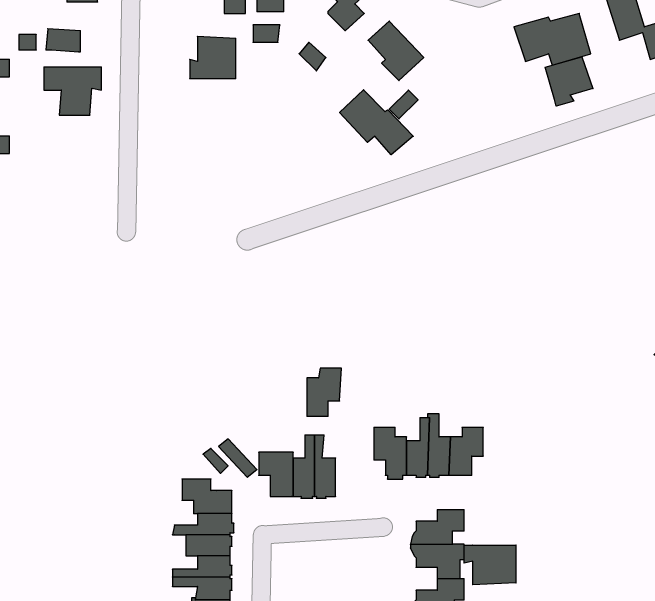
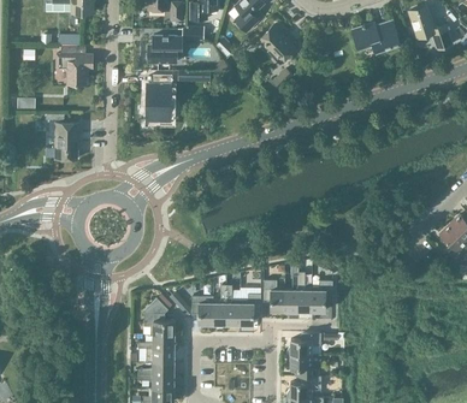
building: [545,57,593,106] -> none
building: [340,90,413,155] -> none
building: none -> [147,76,172,123]
building: none -> [55,124,79,160]
building: [307,368,341,416] -> [240,295,261,325]
building: [464,545,516,585] -> none

